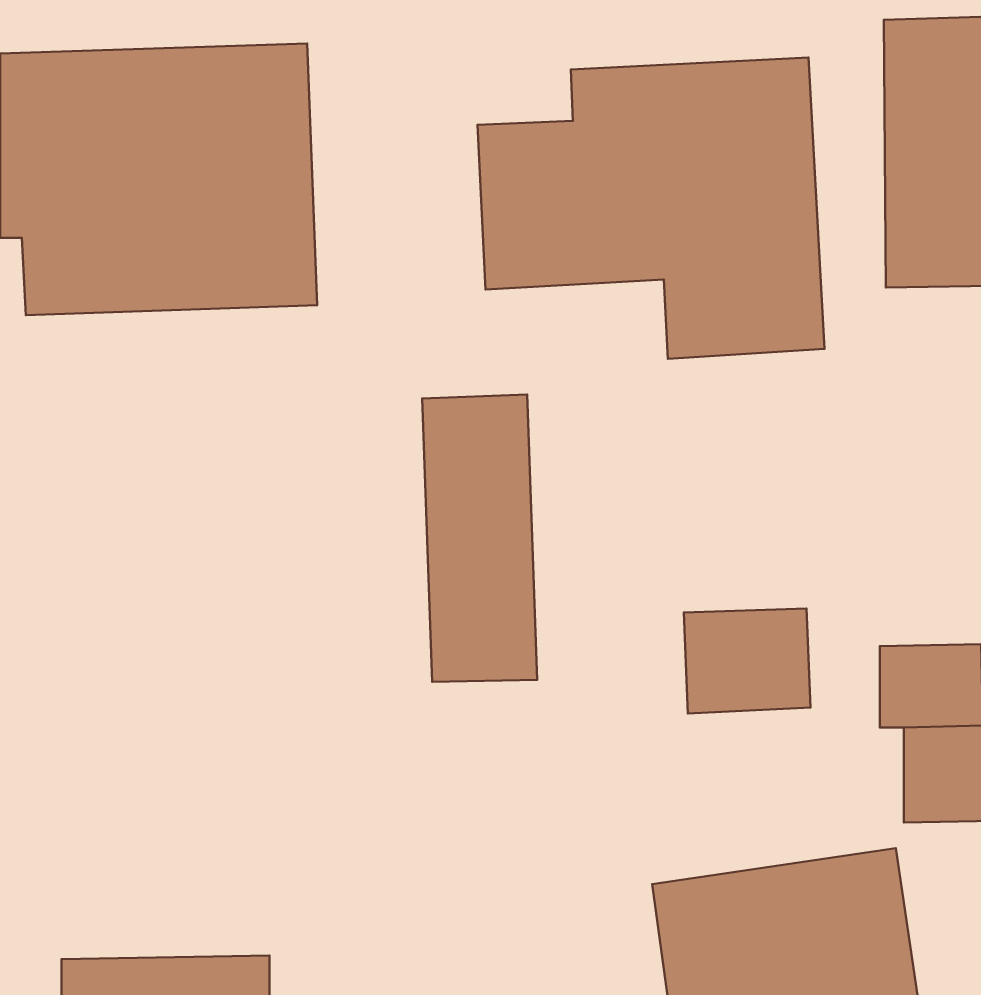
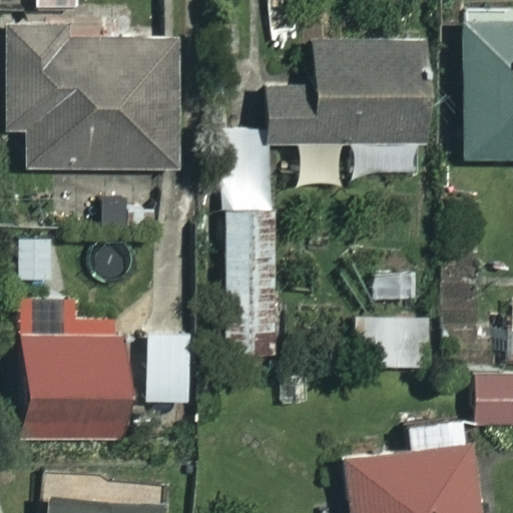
building: none -> [25,334,119,437]

